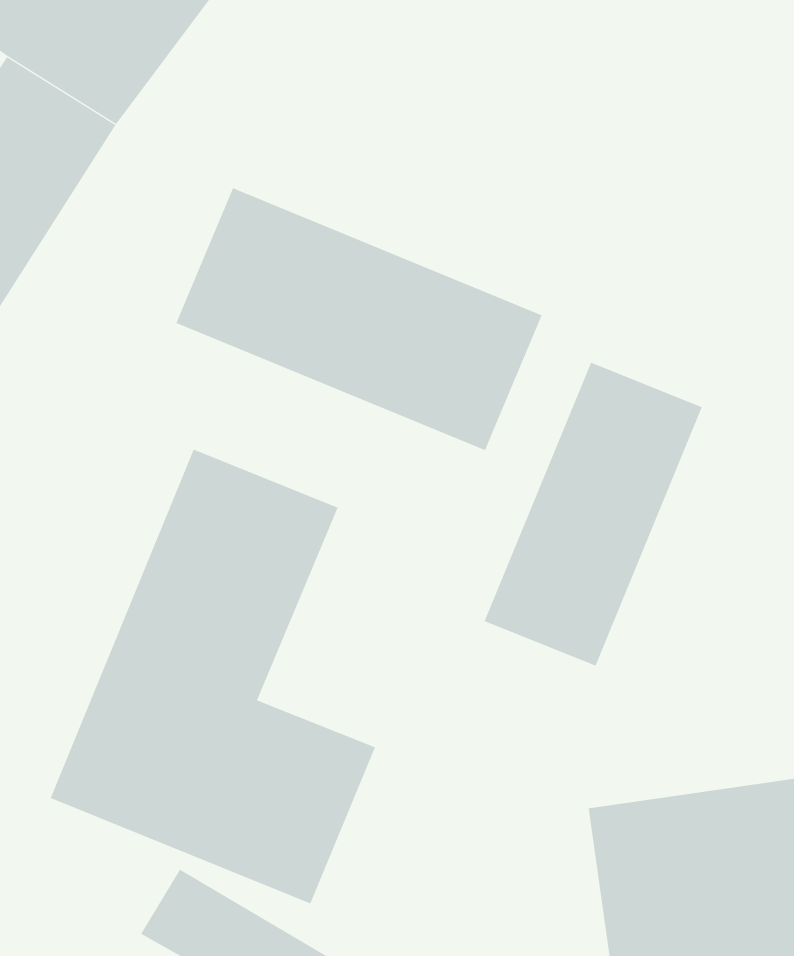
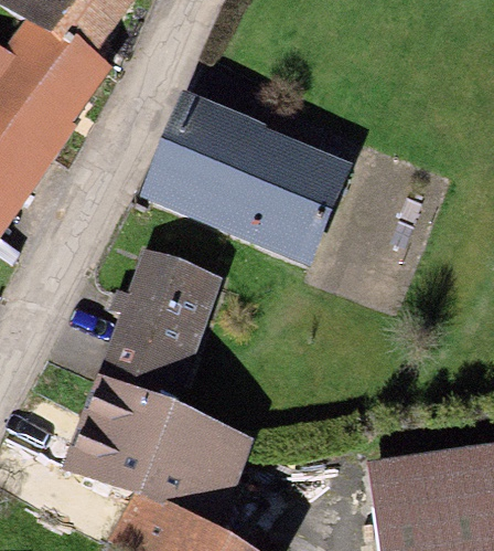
building: [484,362,702,667] -> none

